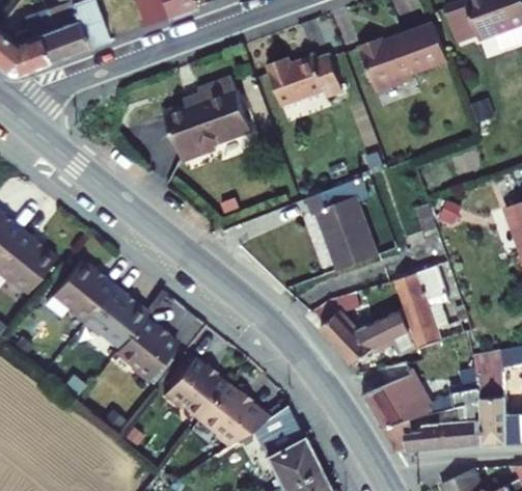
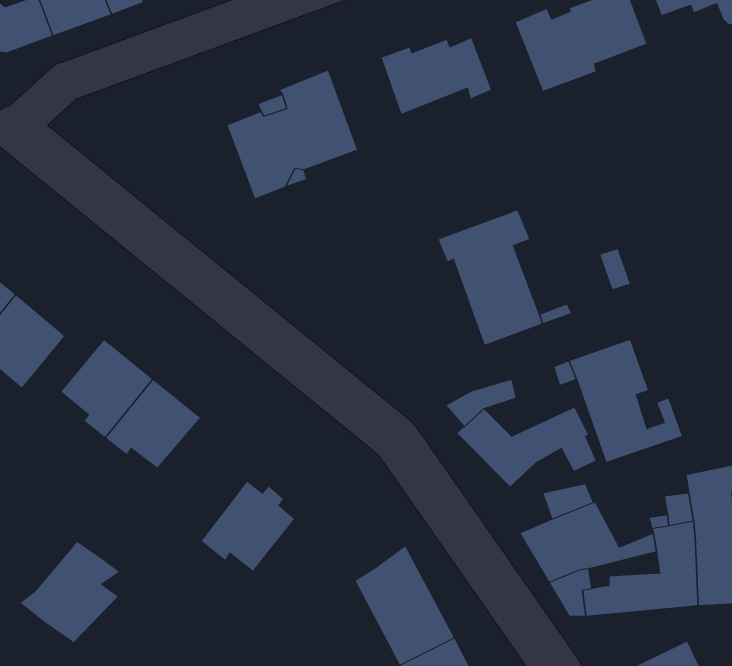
building: [110,316,177,384] -> [20,541,120,643]
building: [184,384,251,447] -> none

